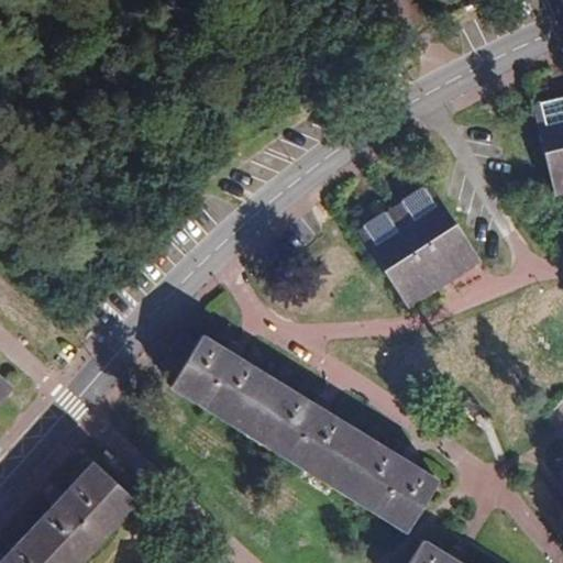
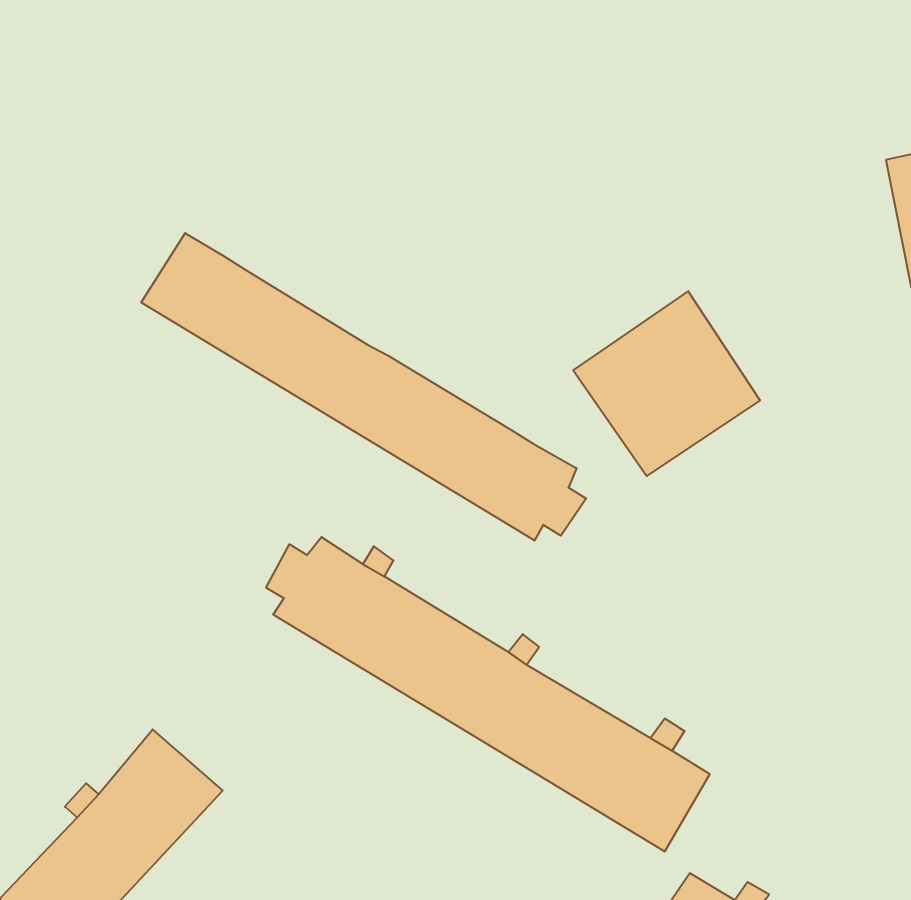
building: none -> [141,233,586,541]

